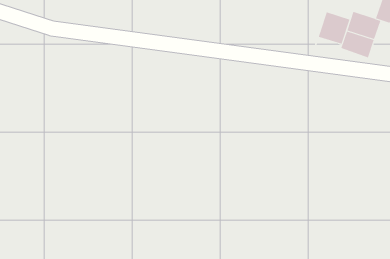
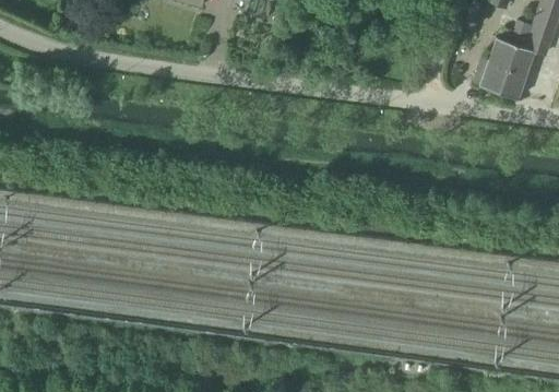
building: [316,12,350,45] -> none

